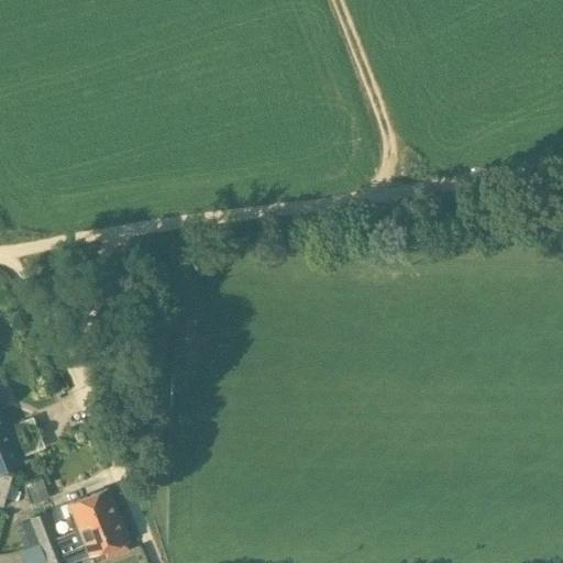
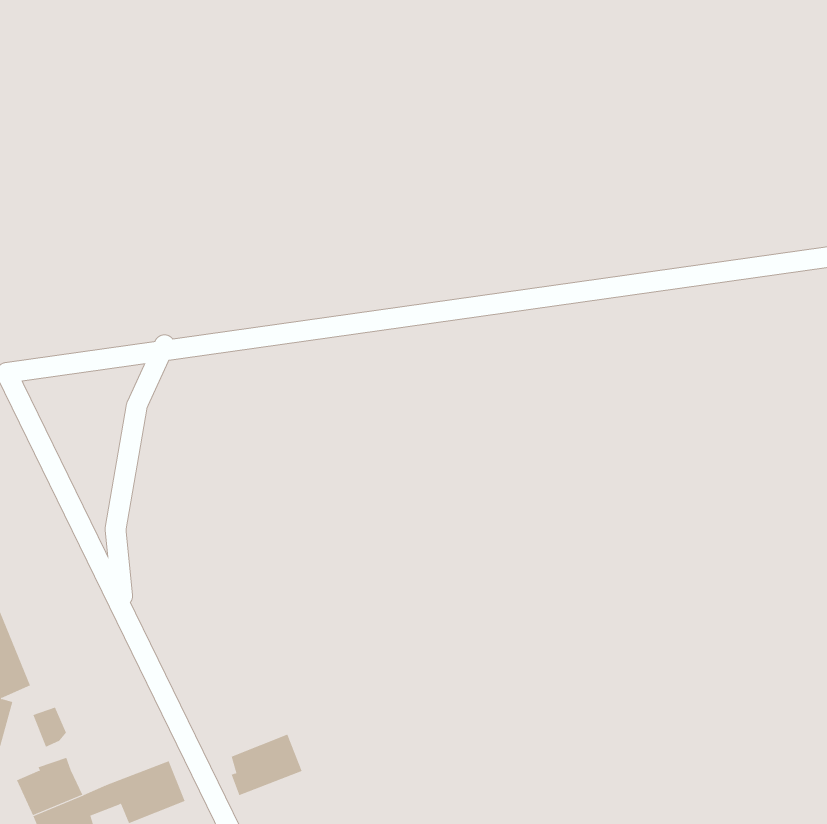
building: [66,494,114,536] -> [231,734,302,796]

